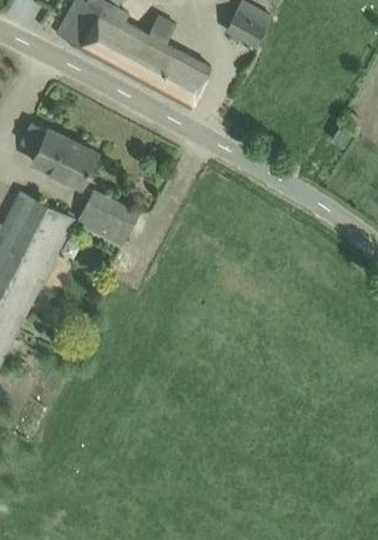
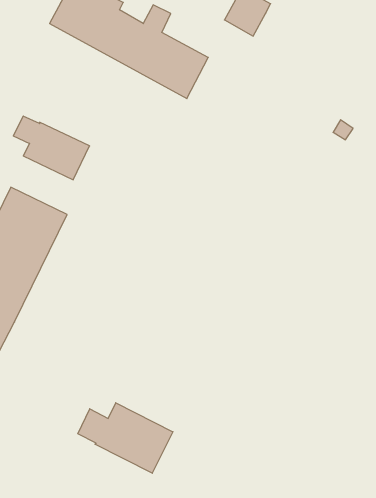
building: [76,188,138,244] -> none
building: none -> [78,403,173,473]

